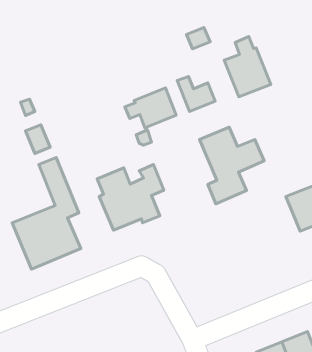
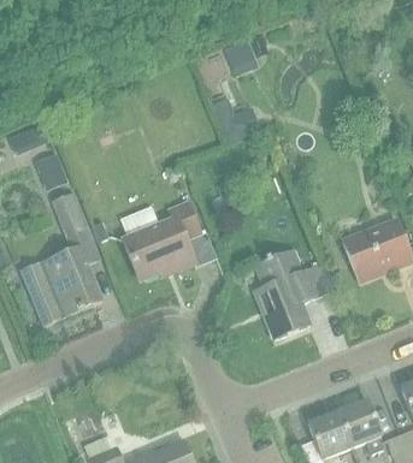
building: [224,37,271,97] -> none
building: [125,88,176,128] -> none
building: [199,127,264,204] -> [255,249,331,339]

